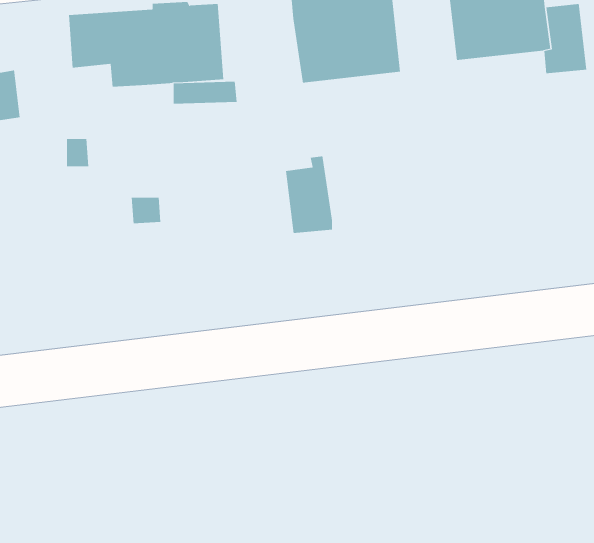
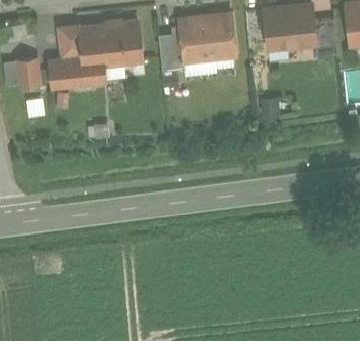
building: none -> [48,53,103,84]
building: [285,156,333,234] -> [158,29,184,71]

